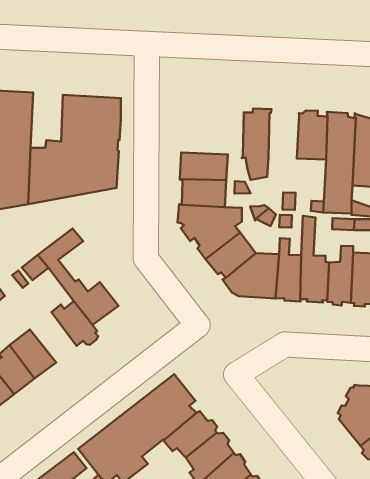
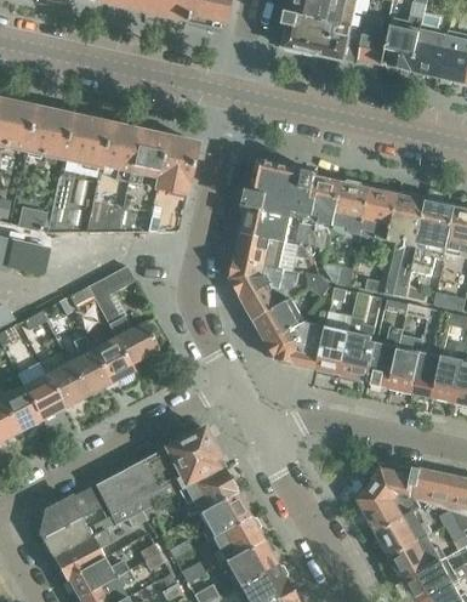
building: none -> [97,121,138,178]
building: none -> [244,160,317,220]
building: none -> [332,180,370,232]
building: none -> [66,334,109,394]

